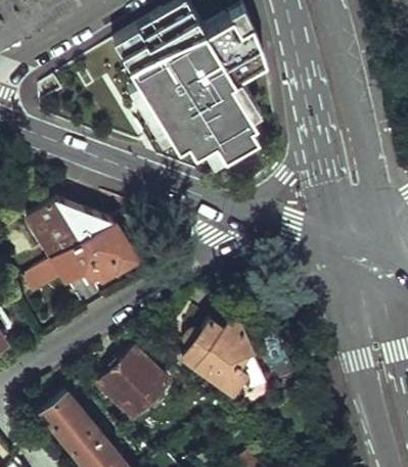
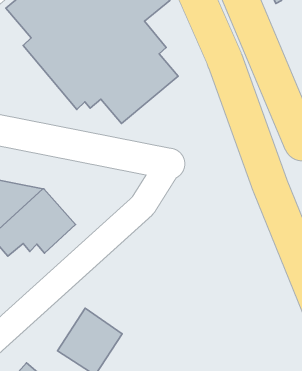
building: [182,321,266,395] -> none

